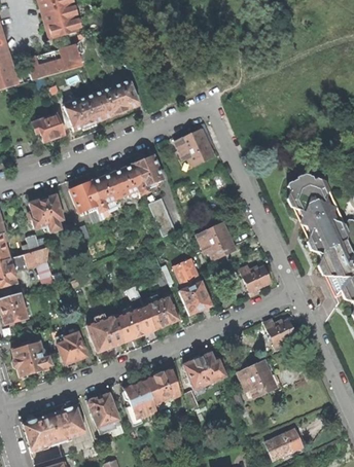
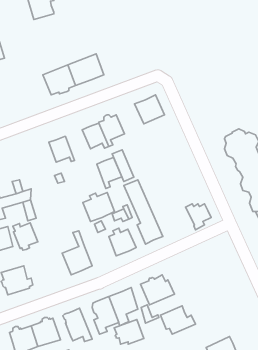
building: [26,41,83,80] -> none
building: [30,114,64,142] -> none
building: [91,174,121,212] -> [97,158,122,188]
building: [27,195,63,232] -> none
building: [198,224,234,258] -> none
building: [114,306,153,342] -> [83,192,115,222]
building: [263,319,295,350] -> none
building: [56,333,86,367] -> [13,223,38,250]
building: [238,361,281,396] -> [160,306,195,334]
building: none -> [114,319,144,344]

